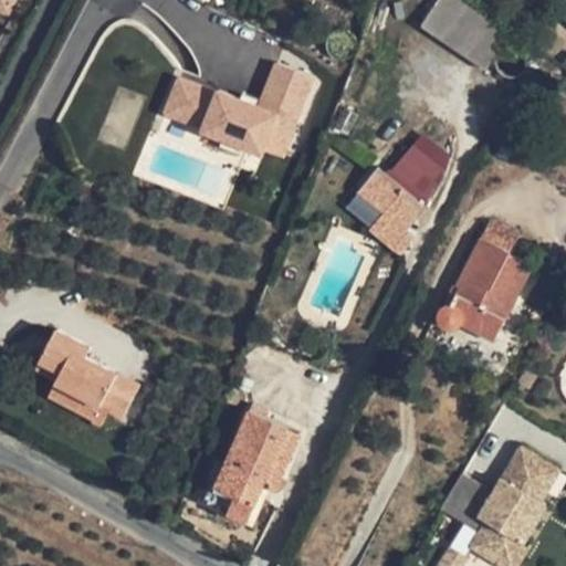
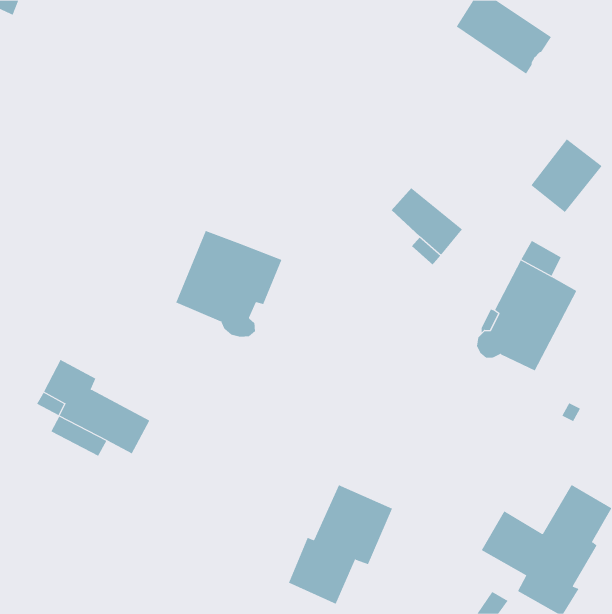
building: [161,65,312,158] -> none
building: [391,128,458,197] -> [530,138,603,213]
building: none -> [176,230,282,338]
building: [202,410,298,521] -> [288,484,393,605]

